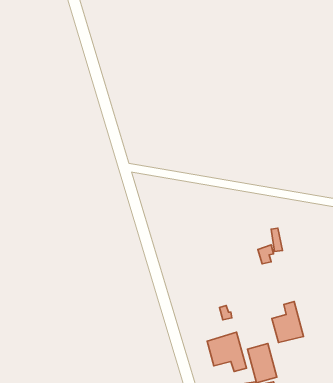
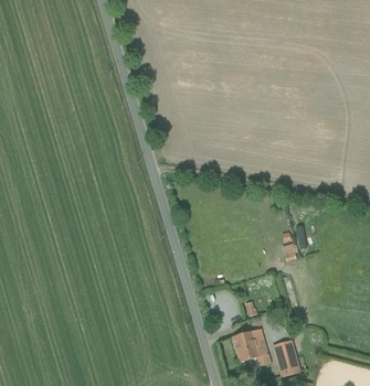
building: [272,302,304,343] -> none

